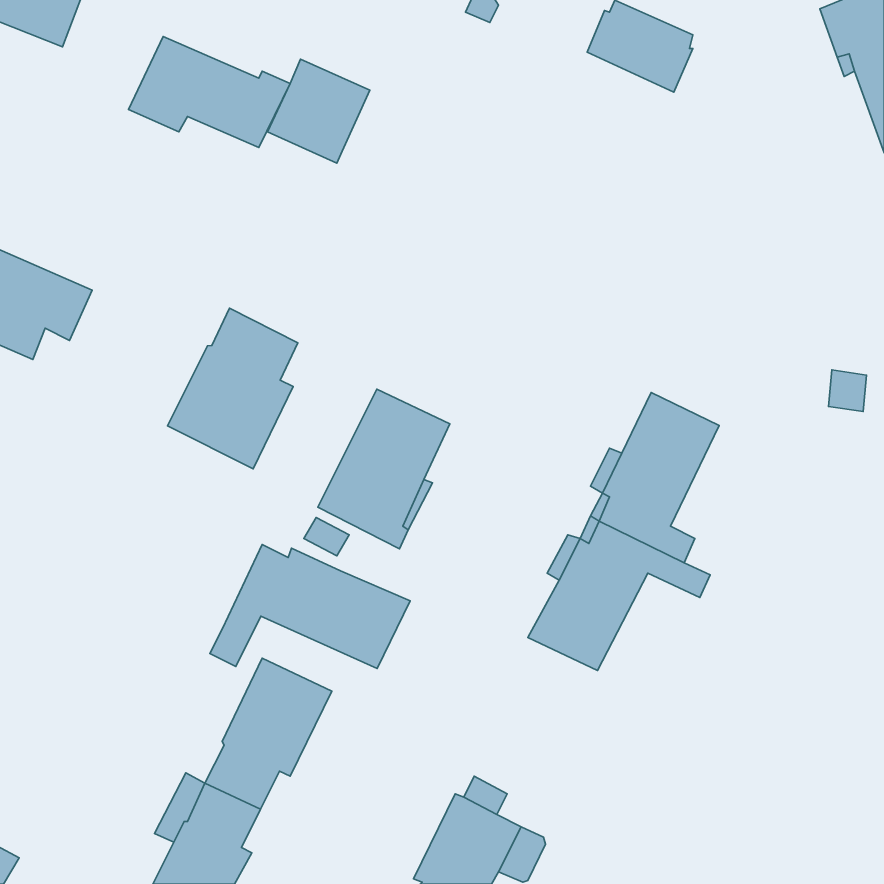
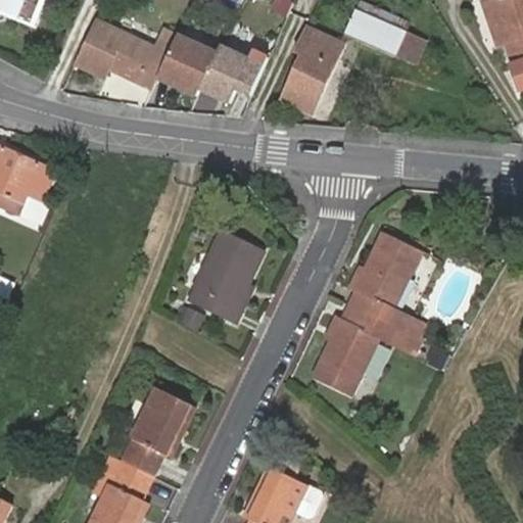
building: none -> [276,29,339,112]
building: none -> [201,46,269,102]
building: [168,308,298,469] -> none
building: [210,544,410,669] -> none

